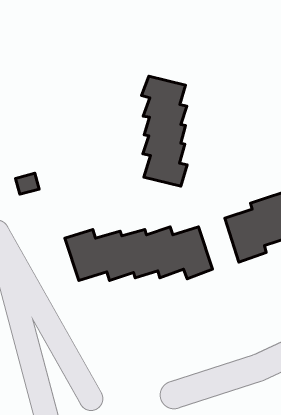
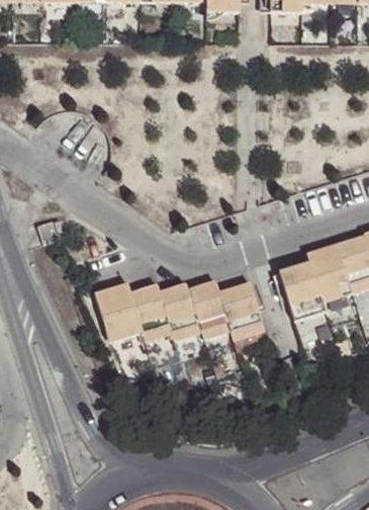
building: [142,76,187,186] -> none

